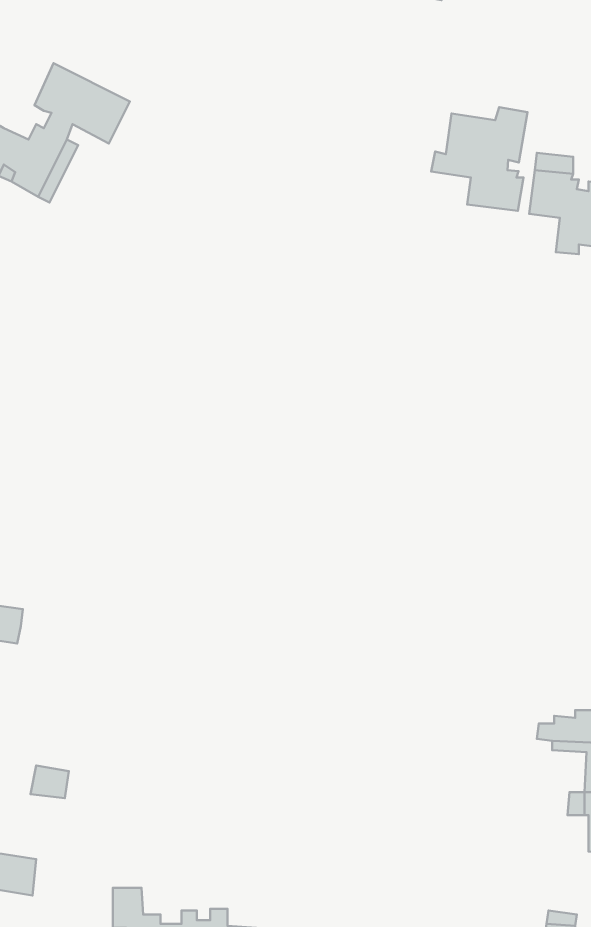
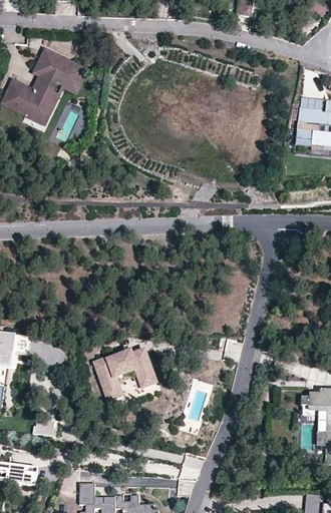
building: [431,107,528,211] -> none
building: none -> [95,351,156,399]

